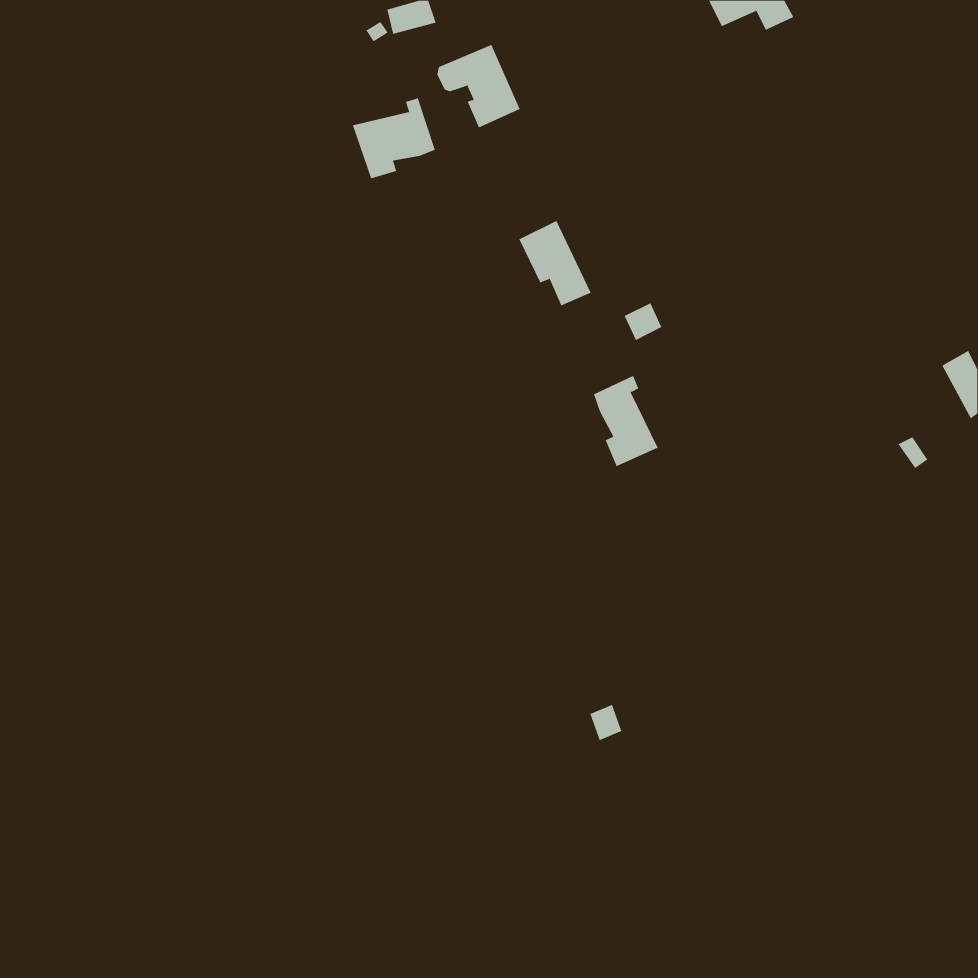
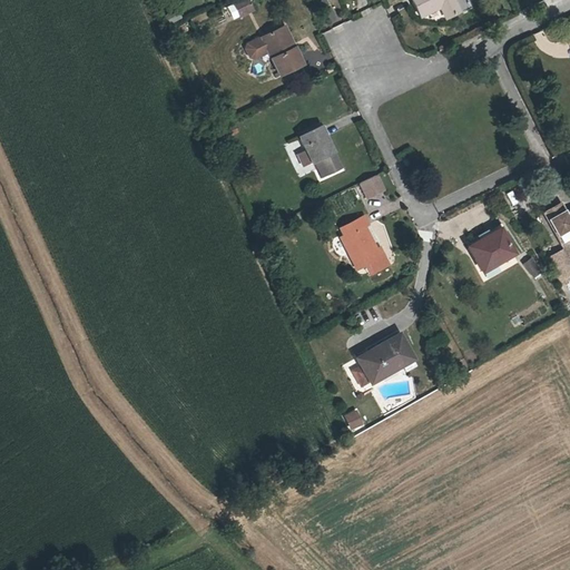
building: [352,98,435,179] -> none
building: none -> [473,232,518,273]
building: none -> [352,328,413,382]

